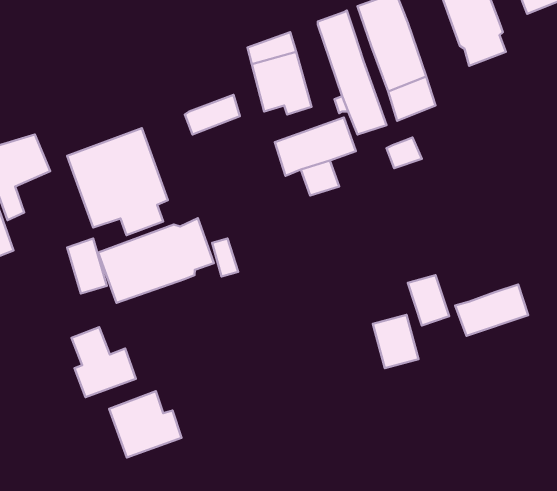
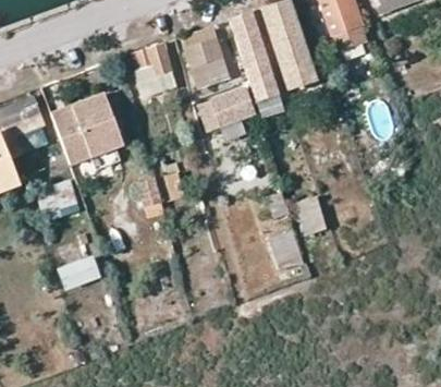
building: none -> [133,44,172,83]
building: [98,218,214,303] -> none
building: [455,284,528,336] -> none
building: [109,391,182,458] -> none

